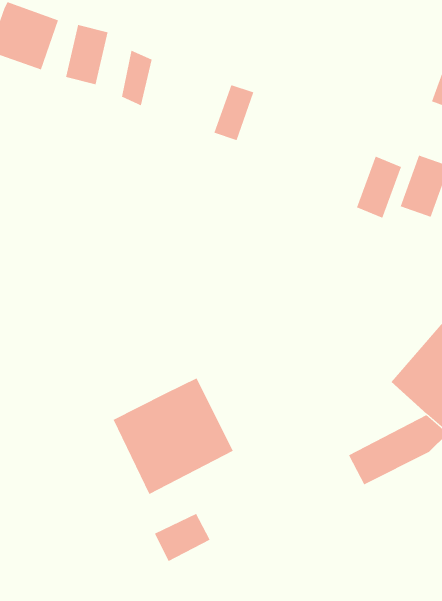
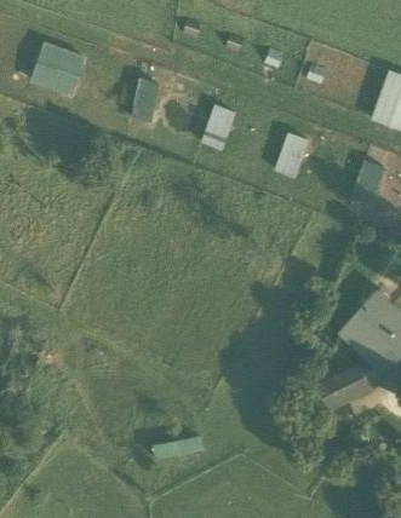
building: [65,24,108,85] -> none
building: [356,156,402,218] -> [274,131,309,179]
building: [113,378,234,495] -> none

